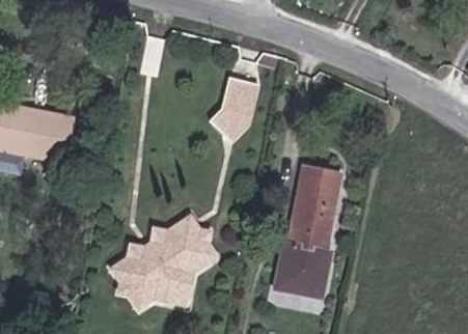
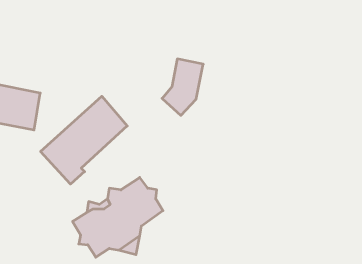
building: none -> [41,96,127,184]
building: [272,164,340,298] -> none

